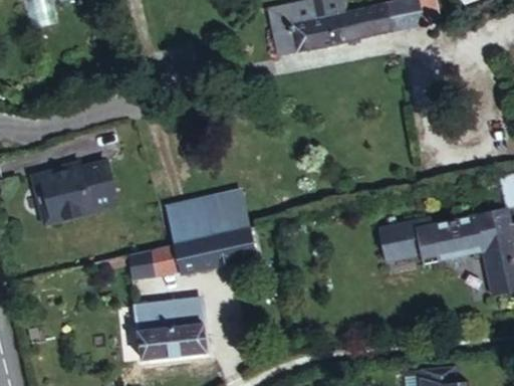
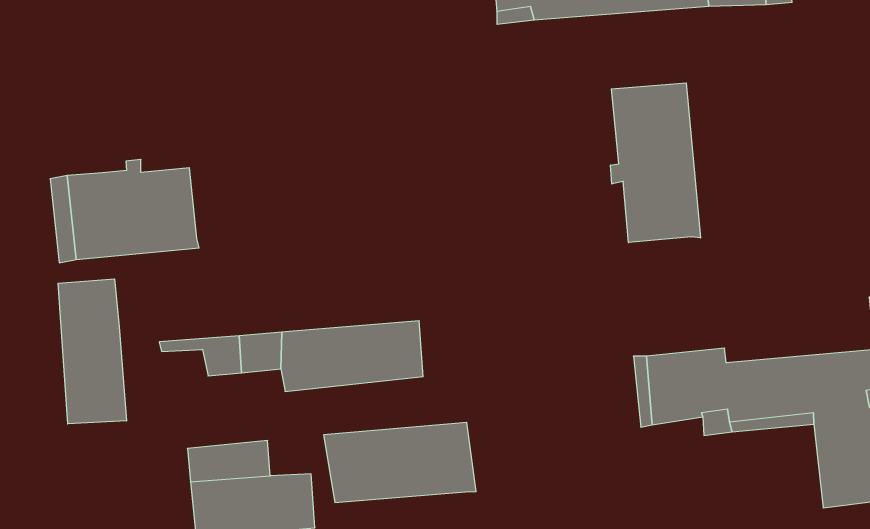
building: none -> [611,83,700,243]
building: [171,186,258,239] -> [324,422,476,502]
building: none -> [58,279,126,424]

